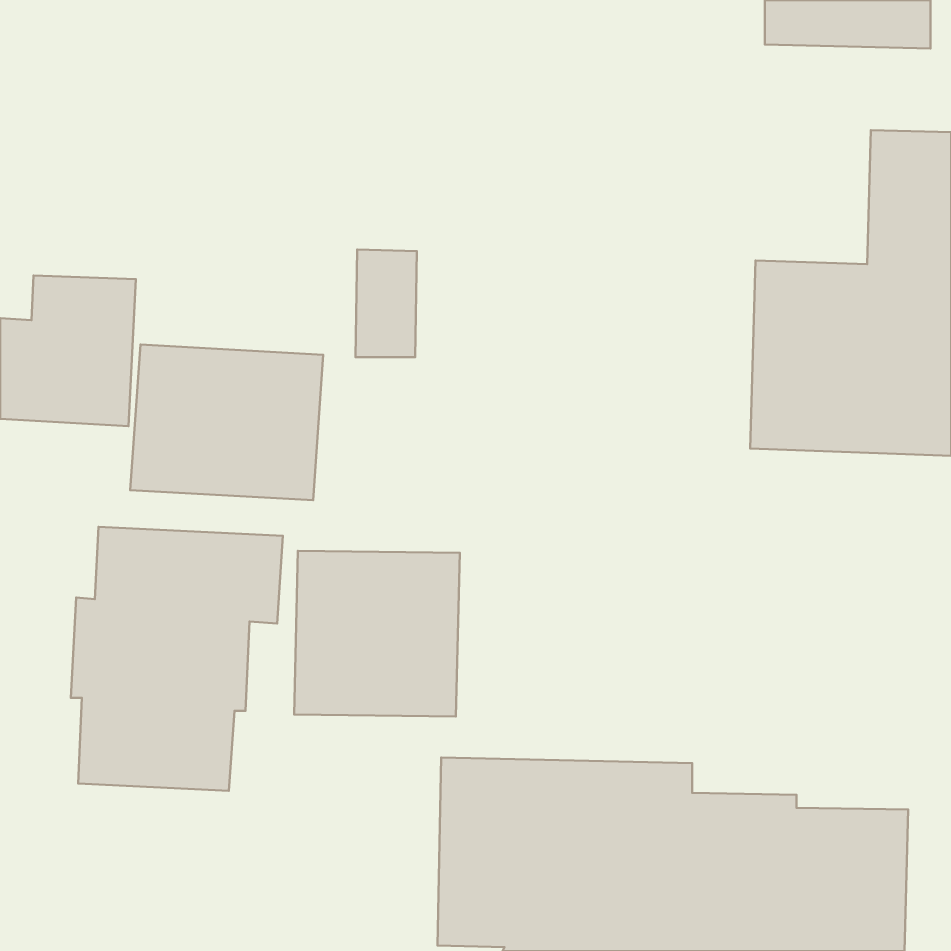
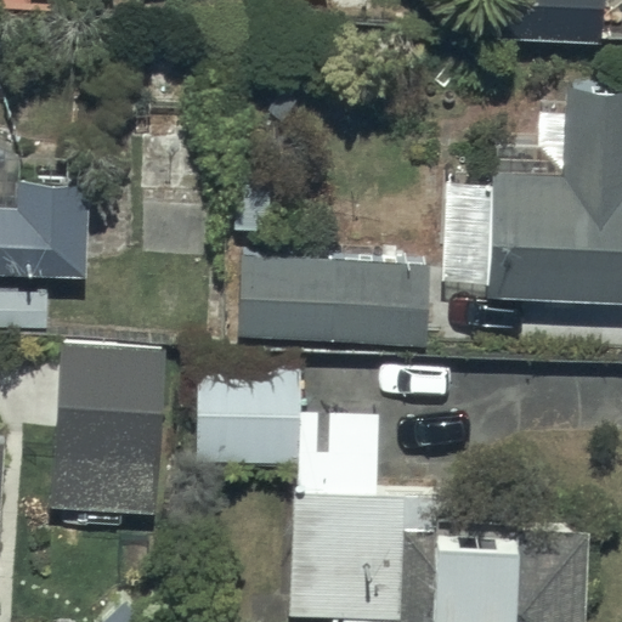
building: [130,345,323,500] -> none
building: none -> [234,255,430,349]

